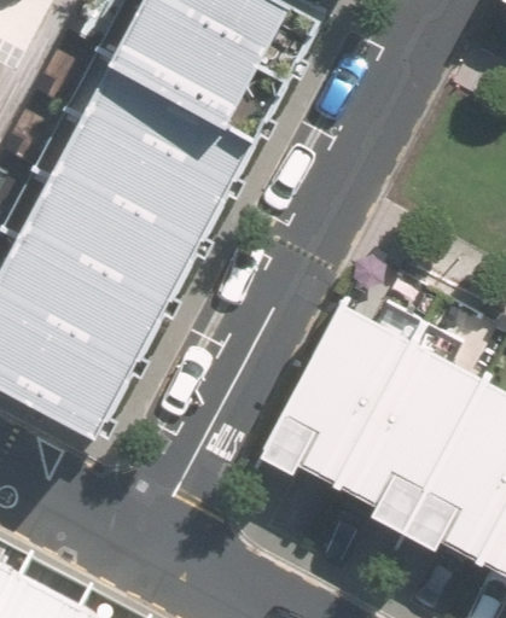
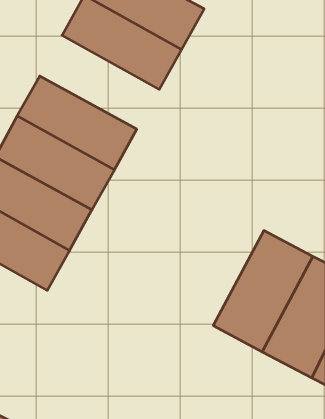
building: [82,59,256,196] -> none
building: [263,305,408,480] -> none

